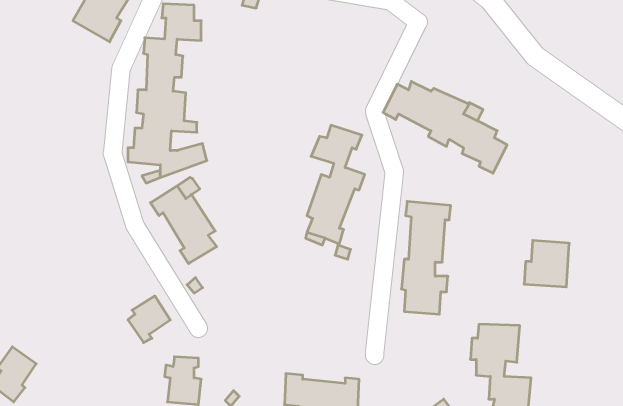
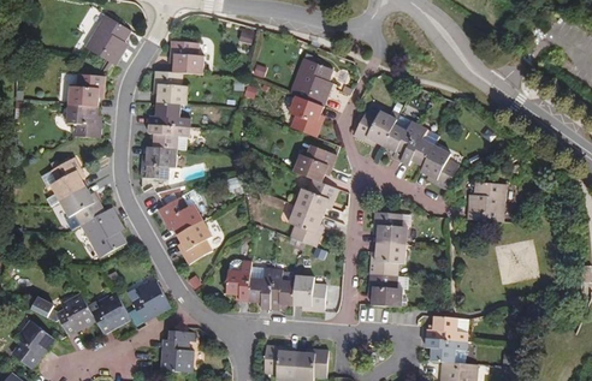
building: none -> [283,50,326,129]
building: none -> [69,78,106,142]
building: none -> [42,162,129,263]
building: [524,240,569,287] -> [466,172,504,212]
building: none -> [231,266,331,316]
building: none -> [32,296,130,339]

